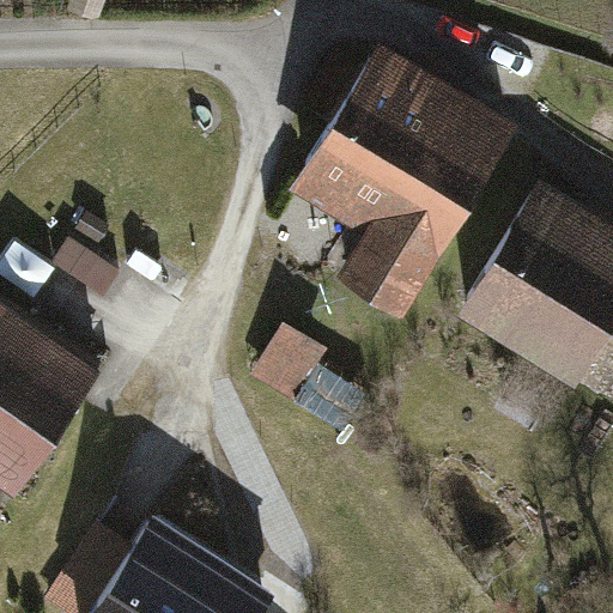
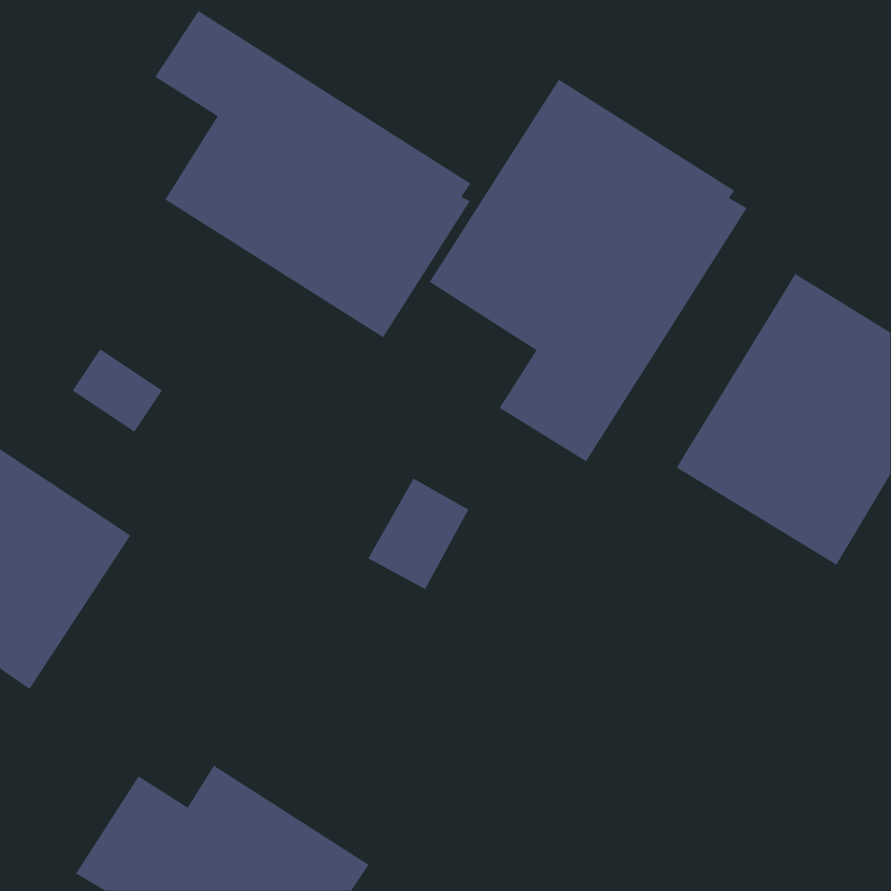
building: none -> [155,10,471,338]

